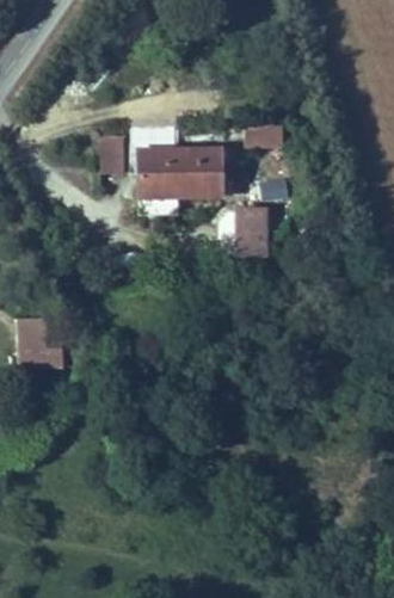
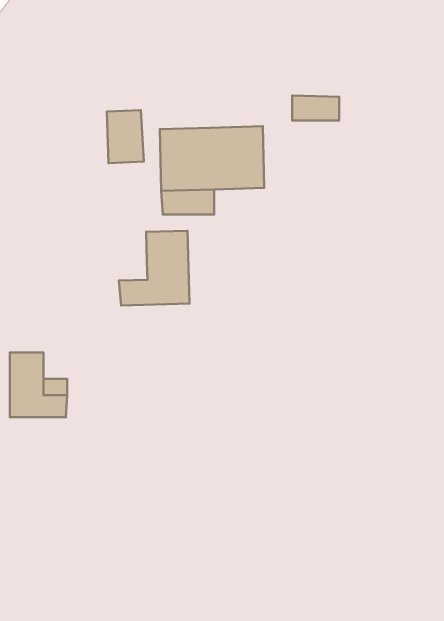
building: [247,201,276,248] -> none
building: none -> [119,231,189,305]

